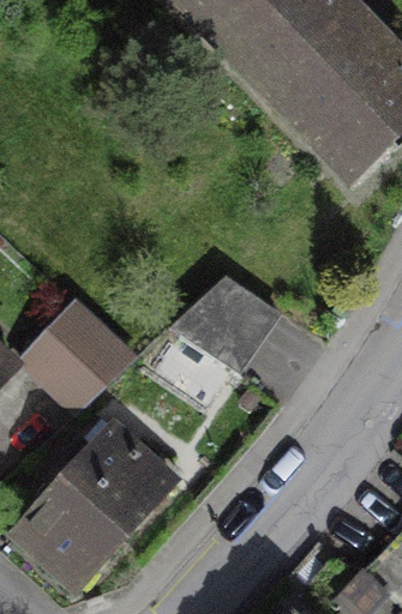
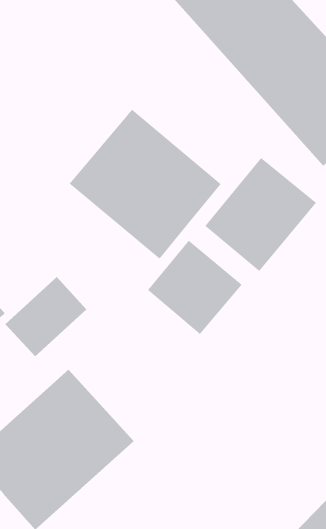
building: none -> [69,109,222,259]
building: none -> [205,157,317,272]

